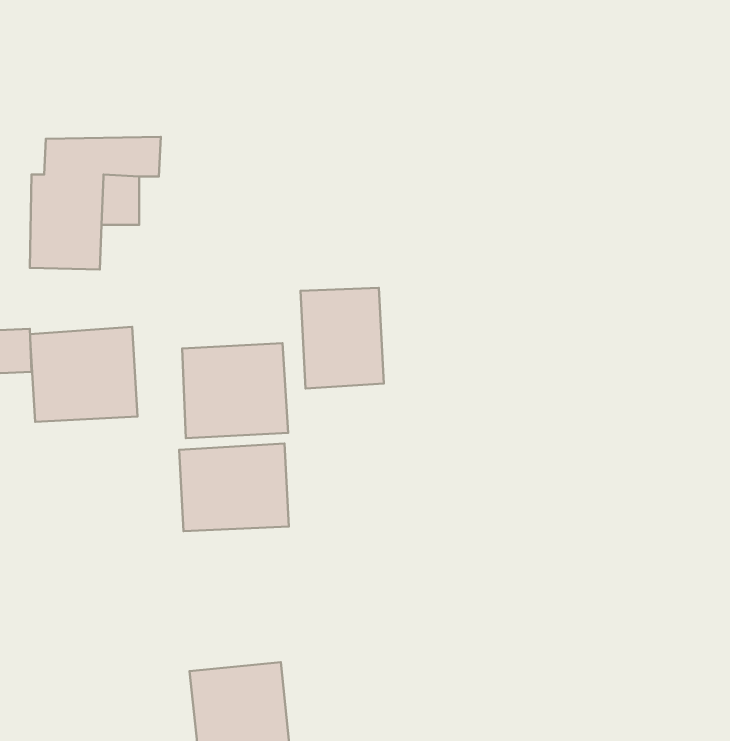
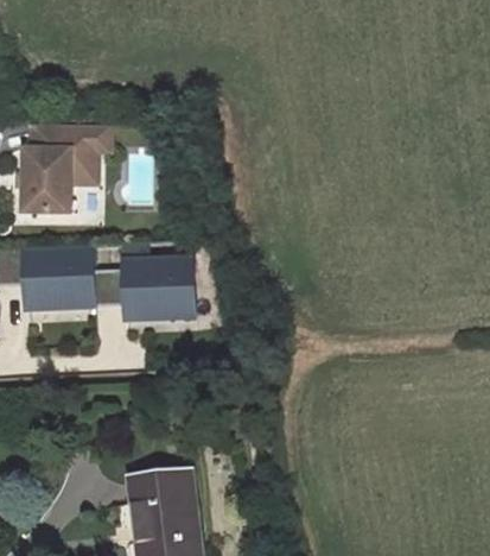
building: [300,288,384,388] -> none
building: [179,443,289,531] -> none

